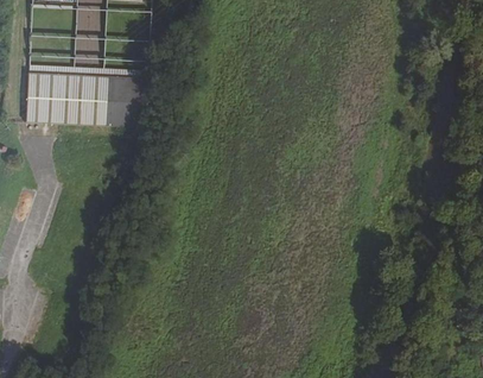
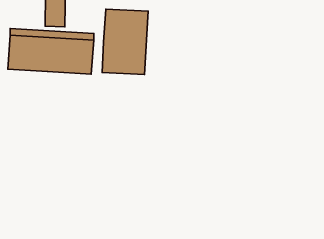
building: none -> [102,9,148,75]

